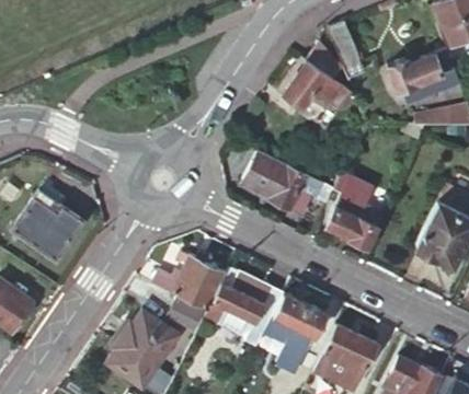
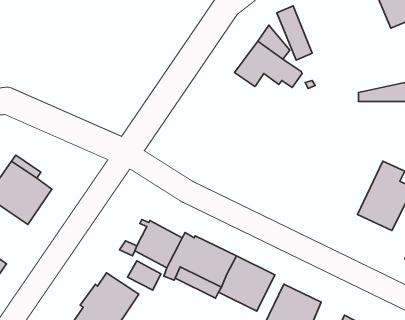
building: [388,48,453,104] -> none
building: [240,151,333,216] -> none
building: [324,193,382,248] -> none

